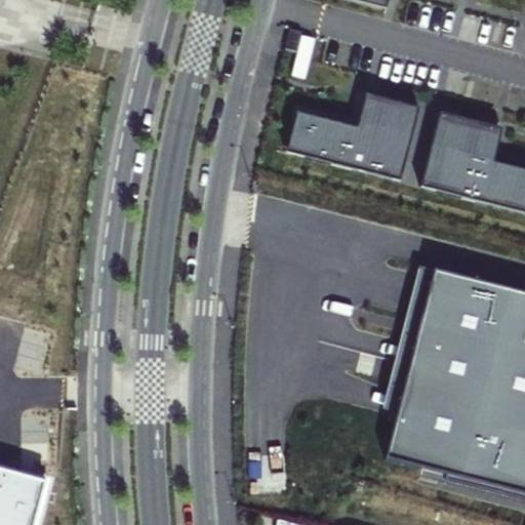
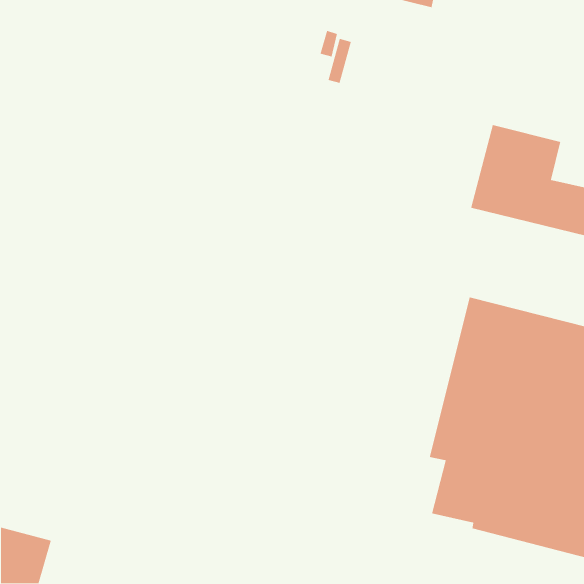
building: [288,91,422,180] -> none

